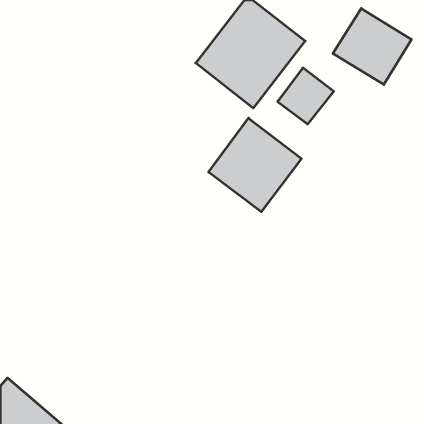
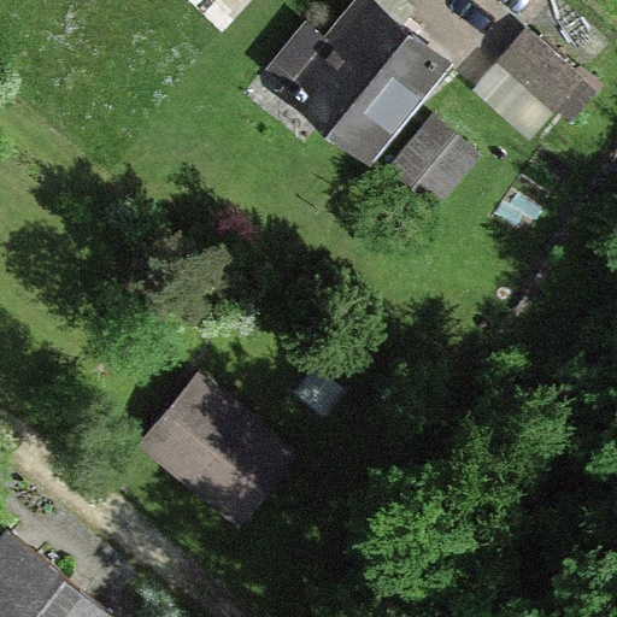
building: [209,118,301,212] -> none
building: none -> [141,380,265,503]

